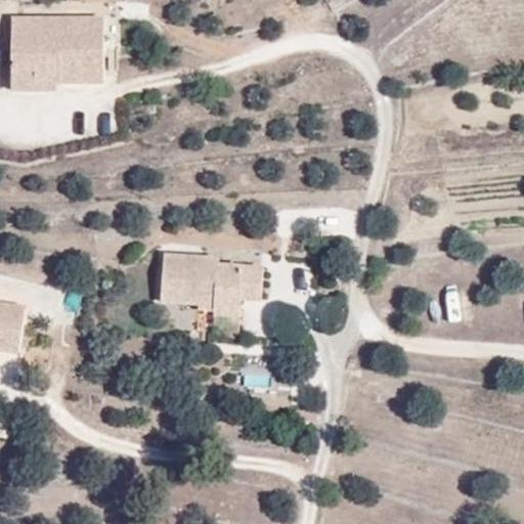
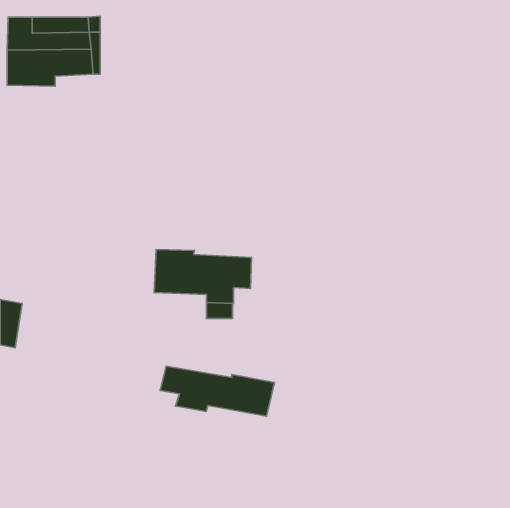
building: none -> [160,366,274,416]

